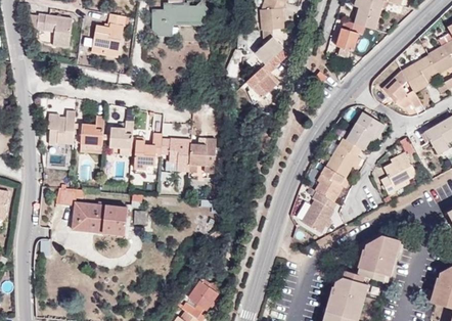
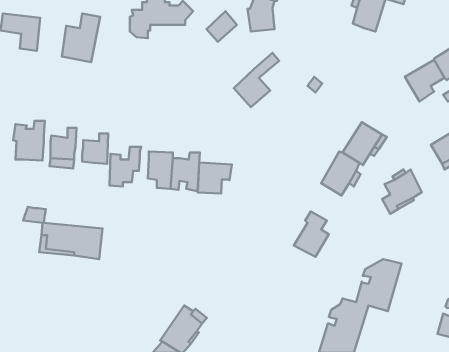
building: [335,19,364,51] -> none
building: [255,36,282,63] -> [206,11,237,42]
building: [381,71,420,108] -> none
building: none -> [198,163,232,193]
building: [313,167,349,202] -> none

